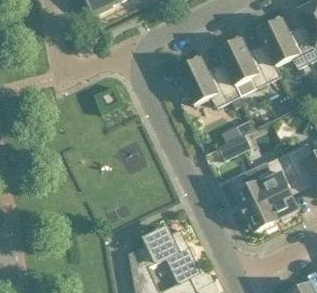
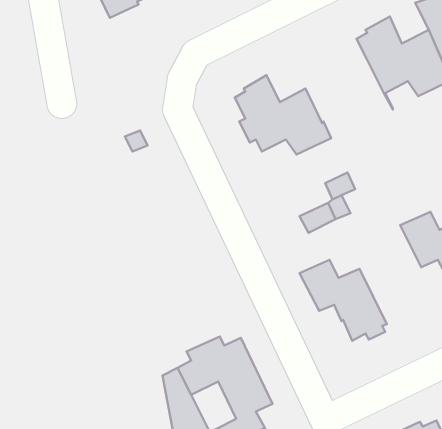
building: [218,33,282,95] -> none
building: [260,153,301,220] -> none

